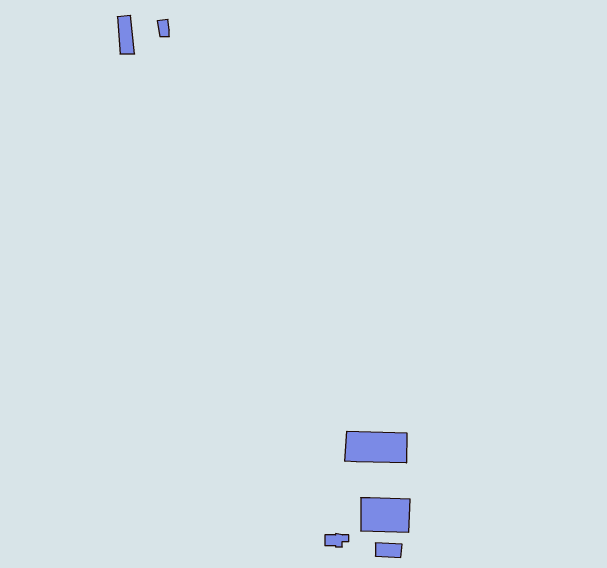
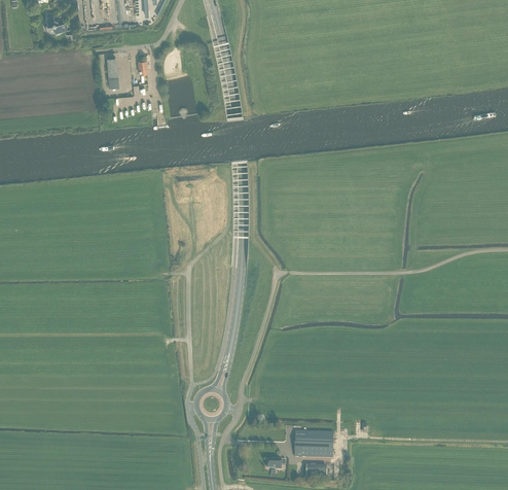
building: [345,431,407,463] -> none

